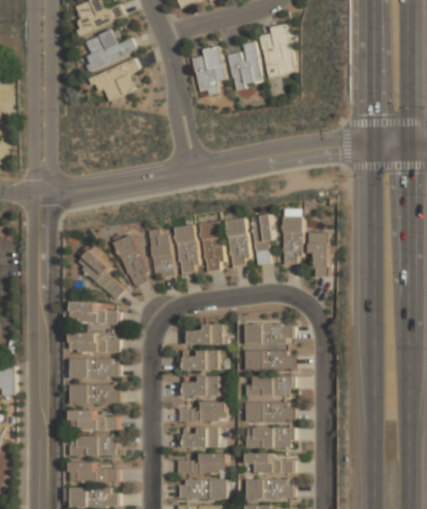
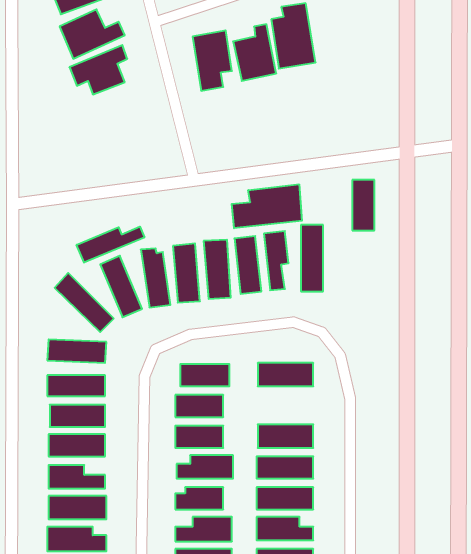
building: none -> [232,184,302,228]
building: none -> [77,227,144,263]
building: [309,233,328,275] -> [352,180,374,230]
building: [245,351,293,369] -> none

